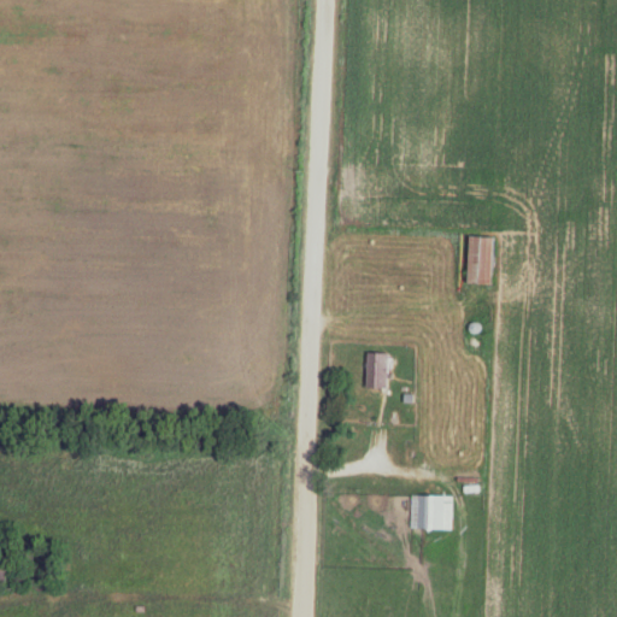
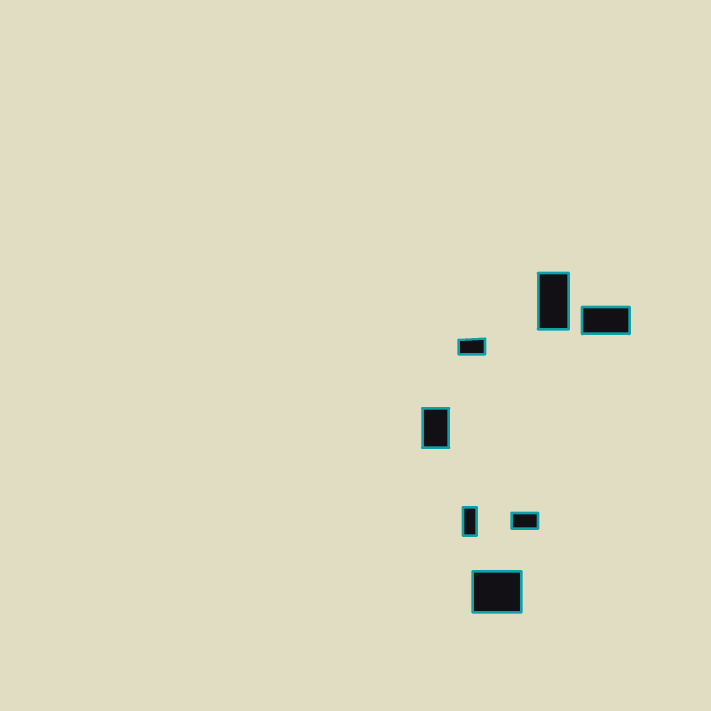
building: none -> [582,307,629,334]

